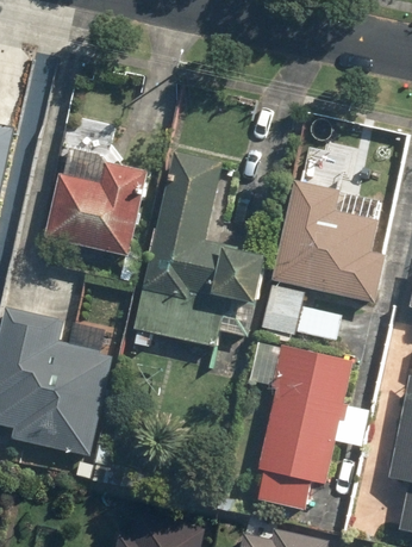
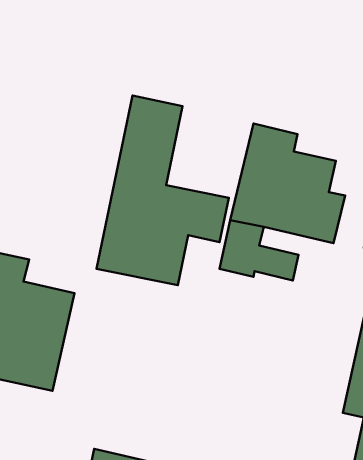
building: [46,161,149,257] -> none
building: [254,348,372,508] -> none

